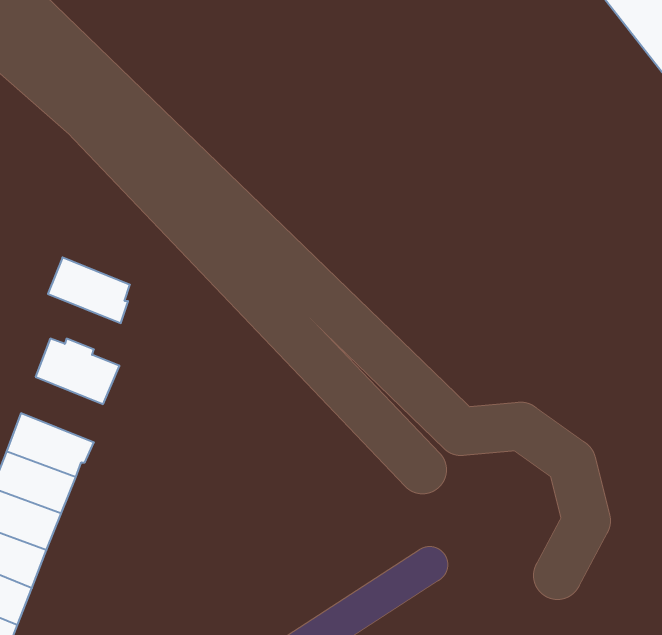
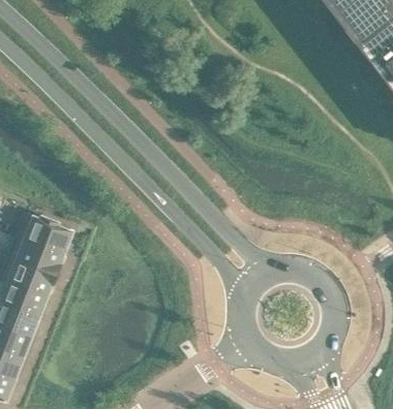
building: [48,257,130,323] -> [16,238,62,275]

